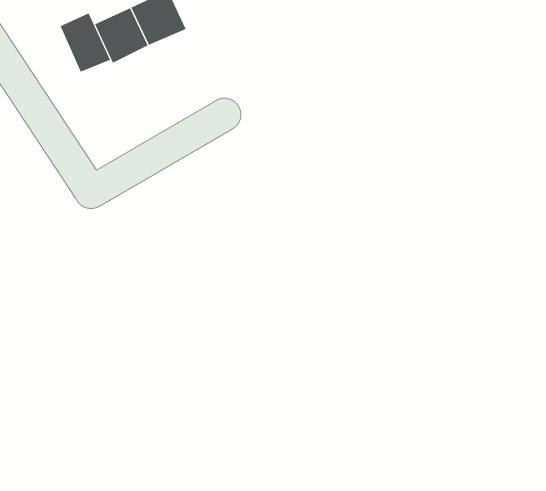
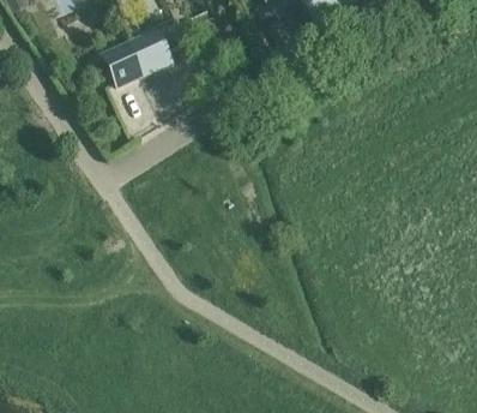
building: [60,12,111,72] -> none

